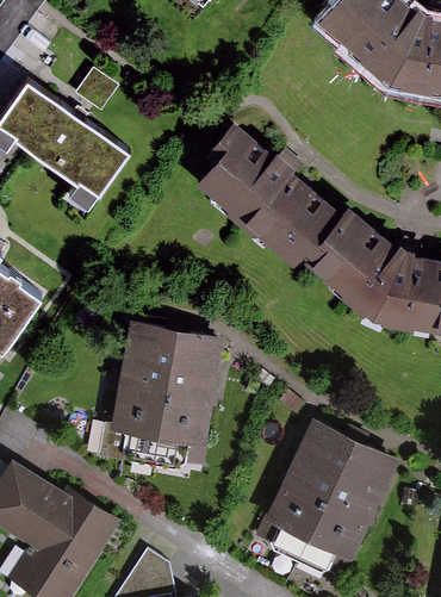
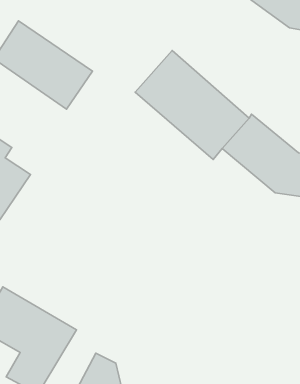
building: [110,331,221,467] -> none
building: [262,418,399,571] -> none

